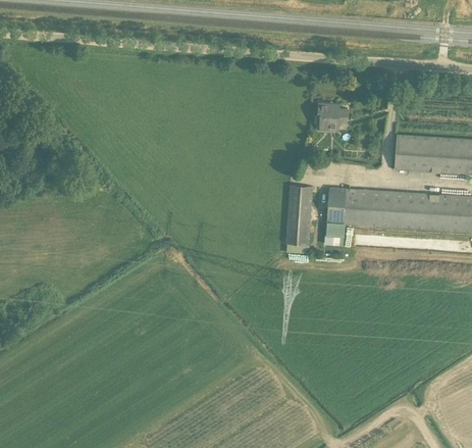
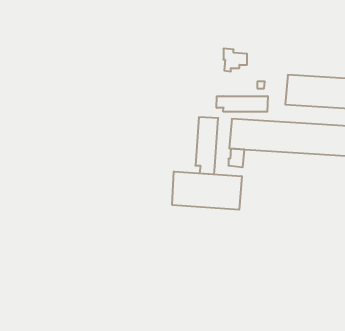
building: none -> [217,96,268,112]
building: none -> [172,171,242,210]

